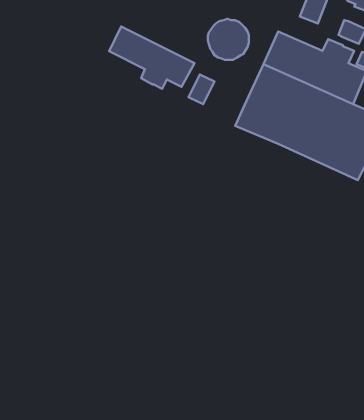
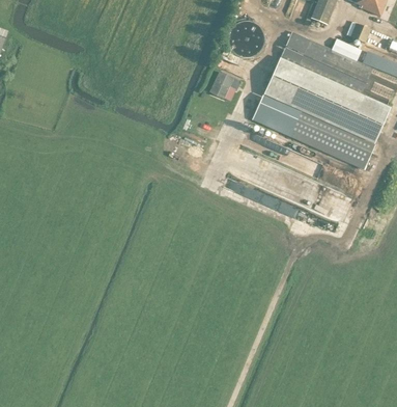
building: [109,26,194,89] -> none

